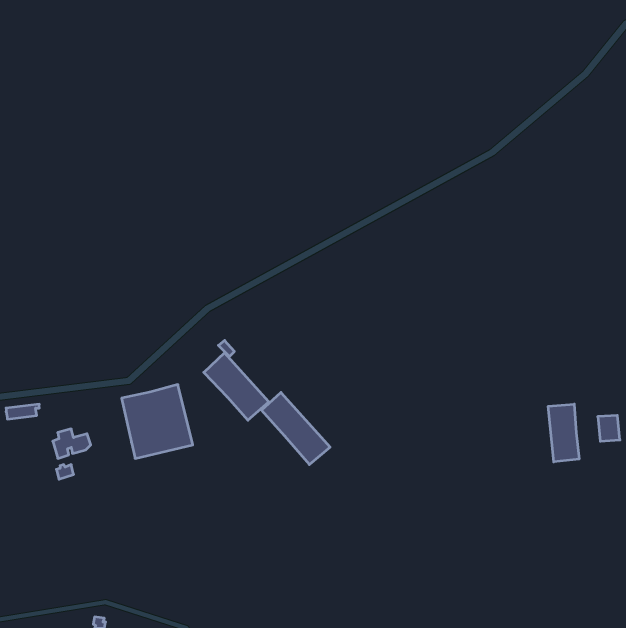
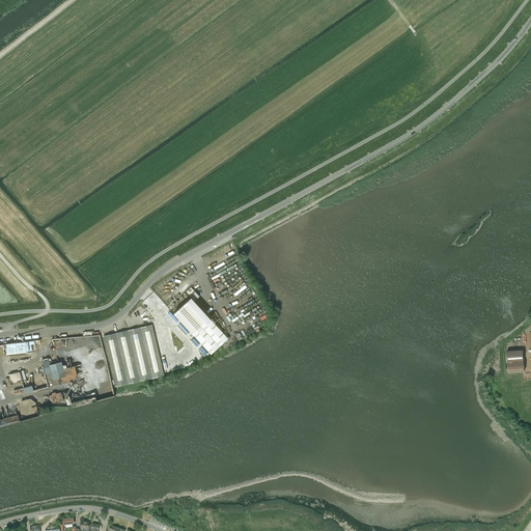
building: [262,392,330,465] -> none
building: [548,404,579,462] -> none

